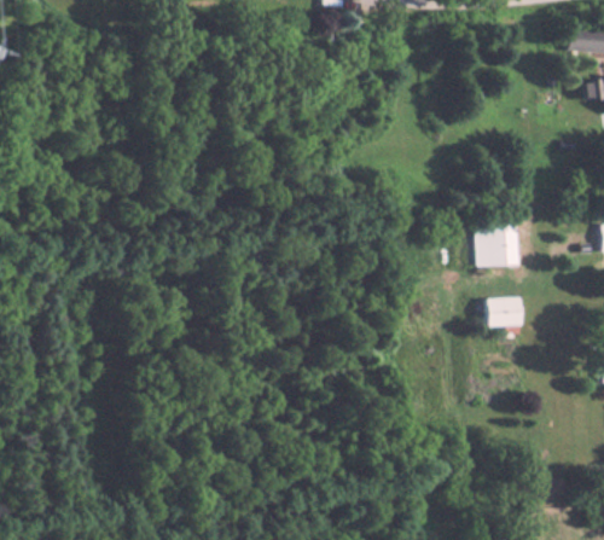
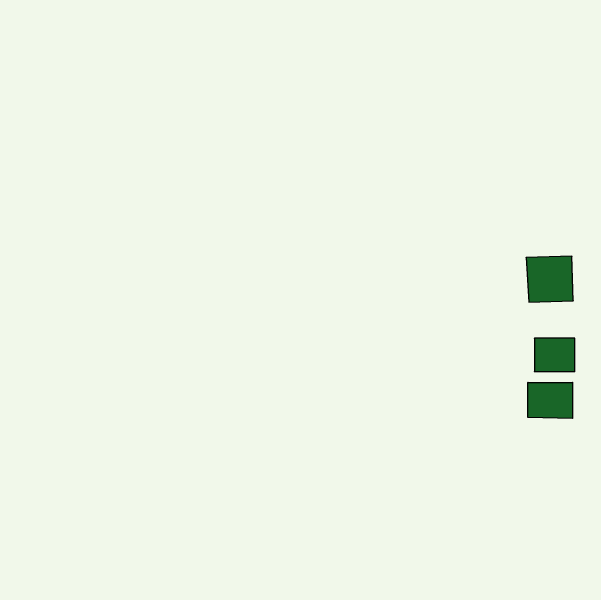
building: none -> [528,382,573,418]

